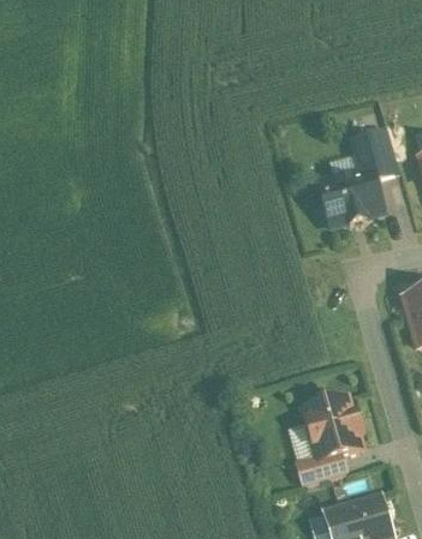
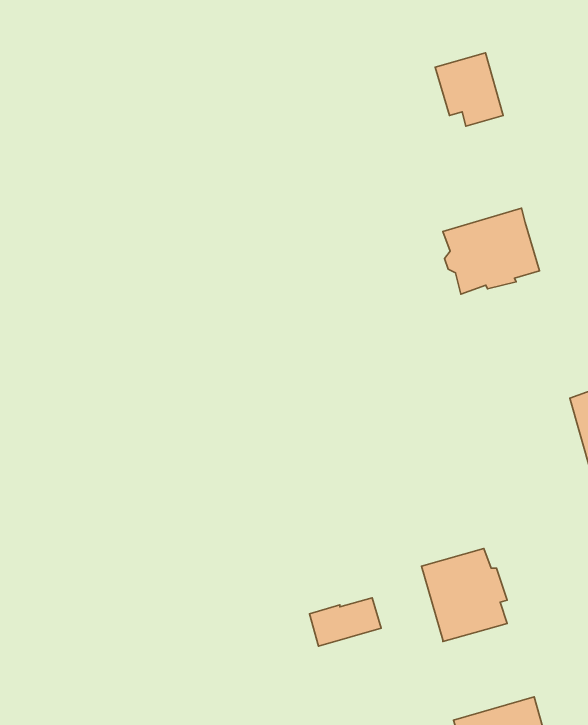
building: [352,126,398,175] -> [435,53,503,126]
building: [297,450,345,483] -> [310,598,381,646]

